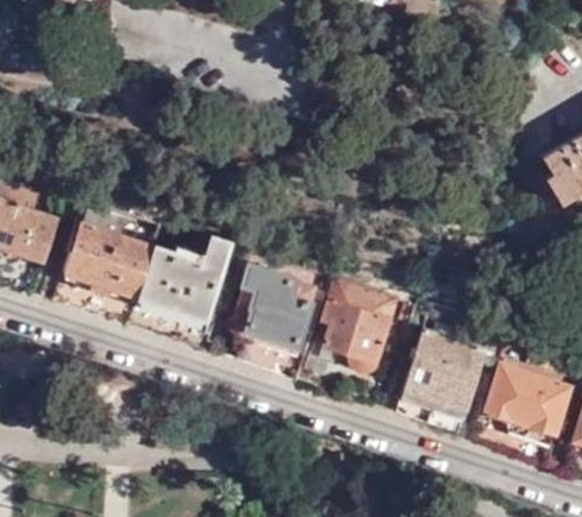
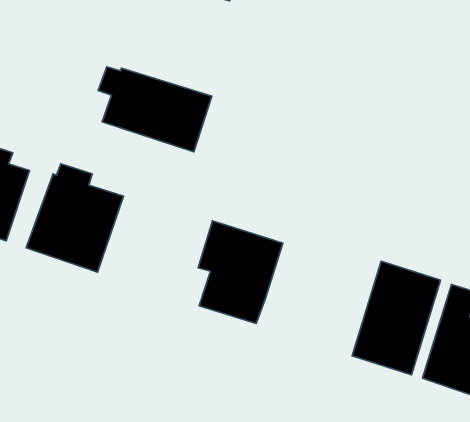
building: none -> [98,67,212,152]
building: [130,228,232,343] -> none
building: [299,277,396,399] -> none

